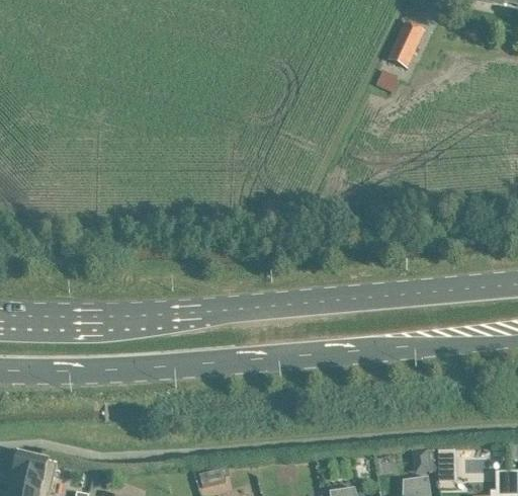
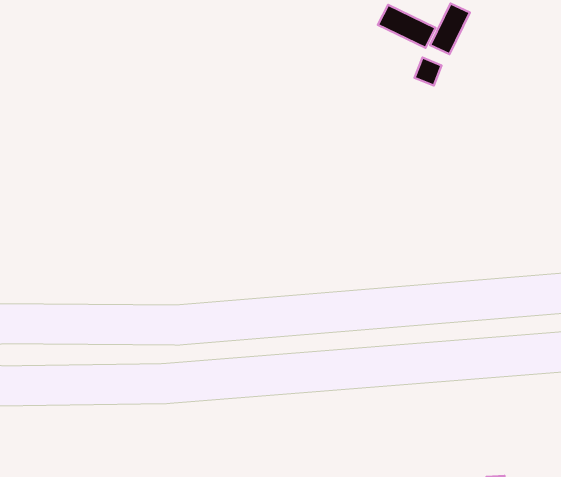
building: none -> [378,5,436,48]

